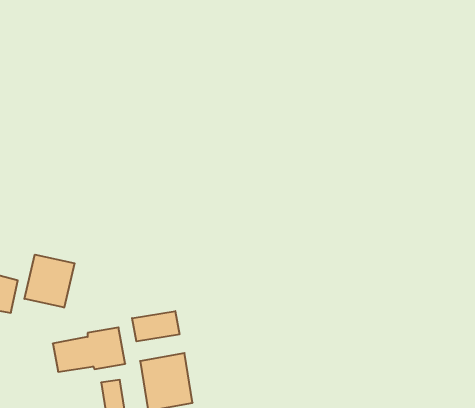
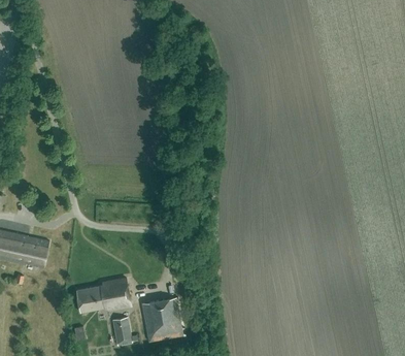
building: [24,255,75,308] -> none
building: [132,311,179,341] -> none

